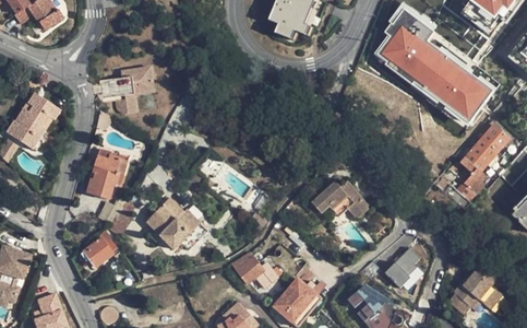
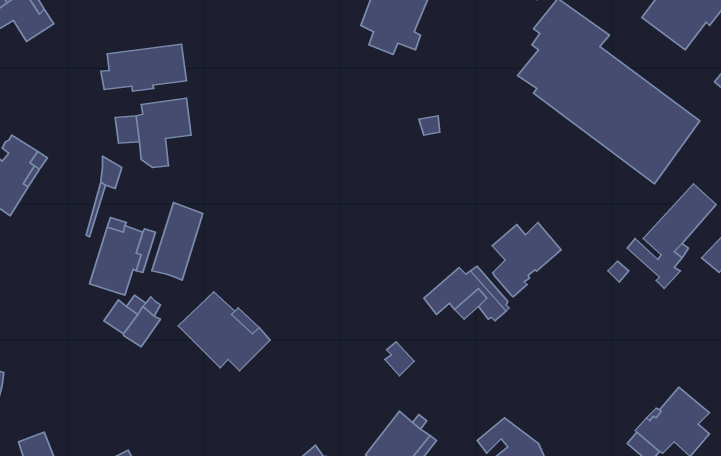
building: none -> [101,44,187,91]
building: none -> [152,203,203,280]
building: none -> [492,223,561,297]
building: [84,234,121,268] -> none
building: [385,249,419,289] -> none
building: [231,253,282,288] -> none

